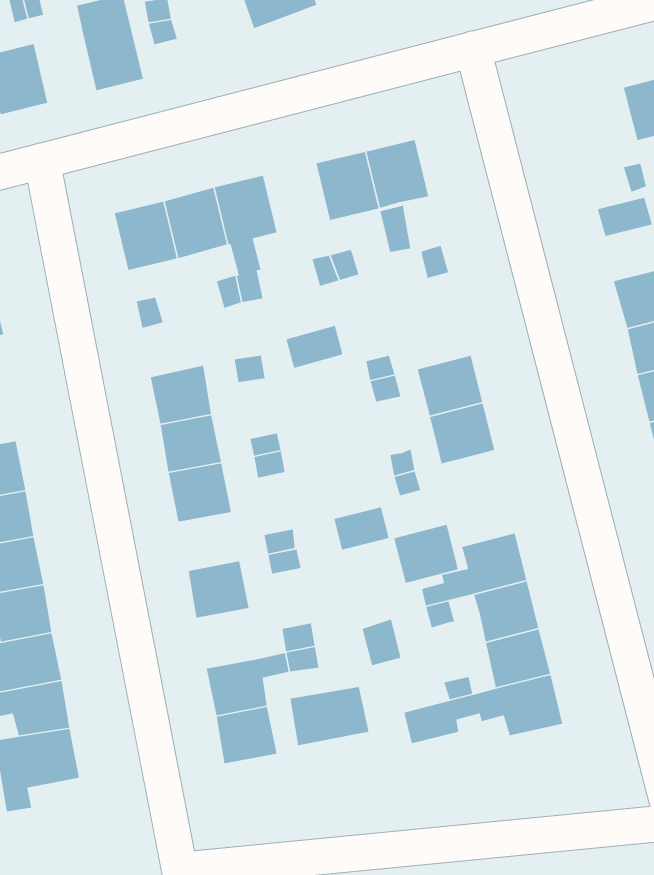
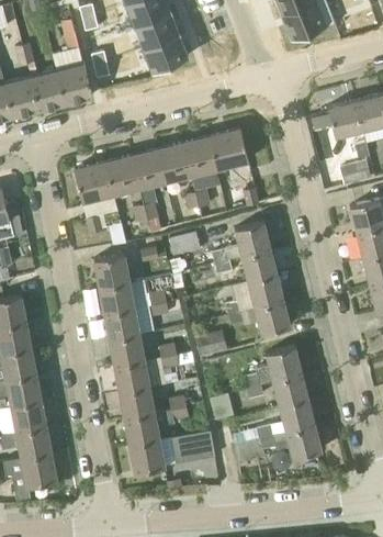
building: none -> [31,70,65,110]
building: none -> [328,101,362,137]
building: none -> [157,143,193,181]
building: none -> [235,222,271,256]
building: none -> [110,335,144,367]
building: [393,524,459,584] -> [255,301,291,334]
building: none -> [120,388,155,421]

